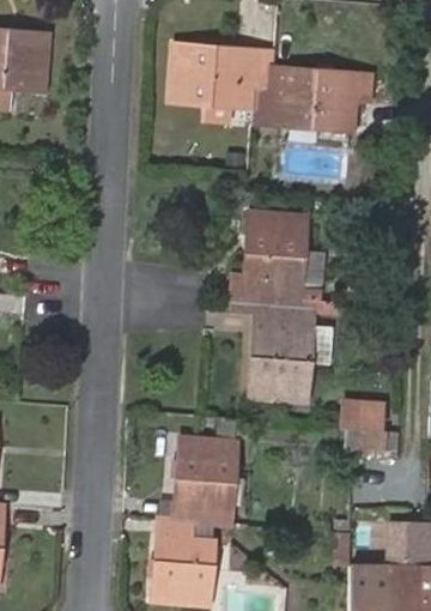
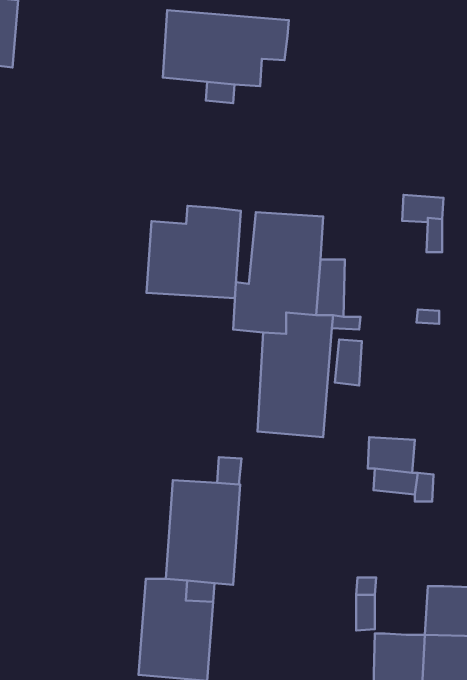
building: [253,66,359,131] -> none
building: none -> [147,206,241,298]

